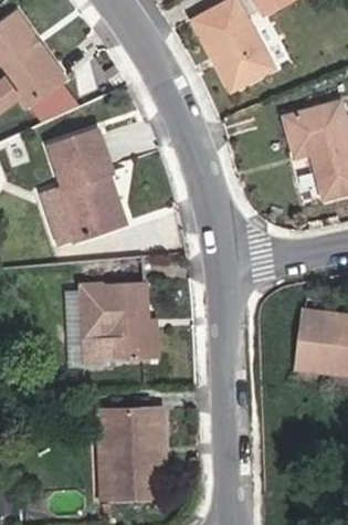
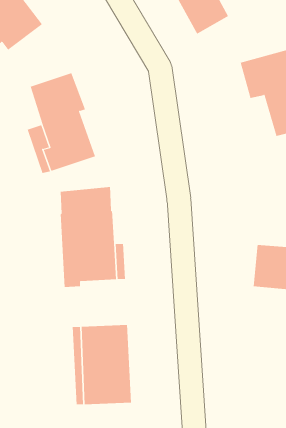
building: [31,82,78,122] -> none

